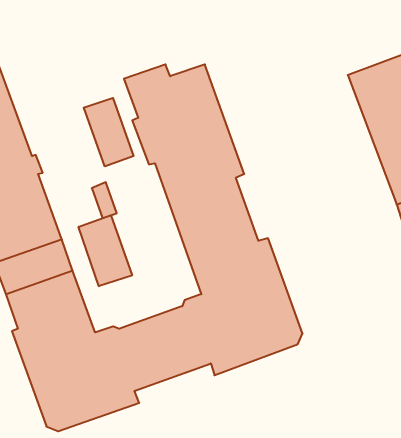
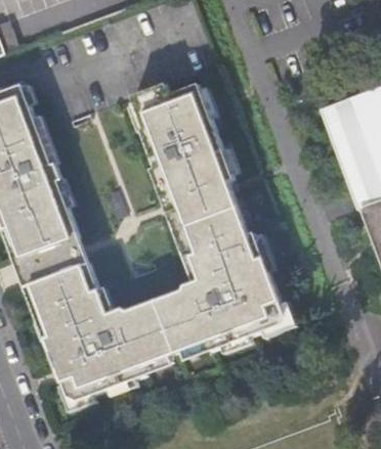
building: [84,98,134,166] -> none
building: [79,215,132,286] -> none

